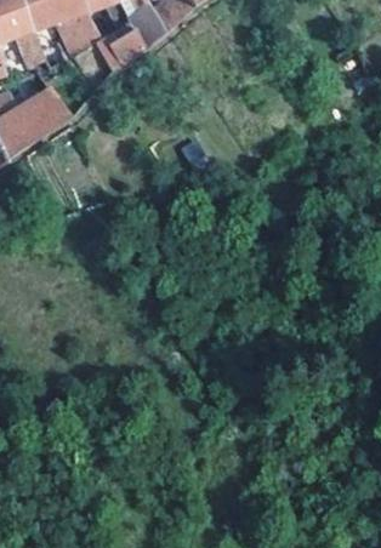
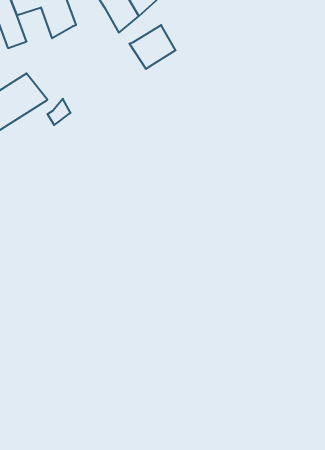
building: [97,17,148,65] -> [129,25,176,69]

